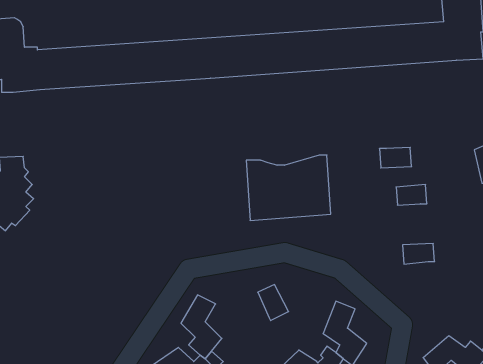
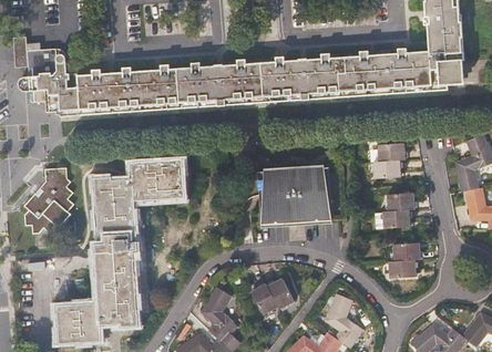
building: none -> [378,142,406,161]
building: none -> [58,158,184,341]
building: none -> [382,208,410,227]
building: none -> [389,258,417,277]
building: none -> [252,282,278,313]

